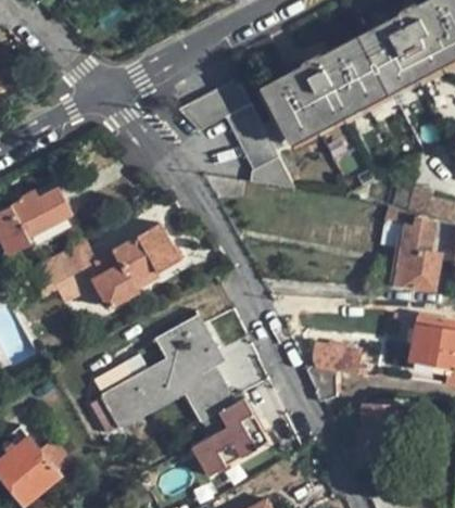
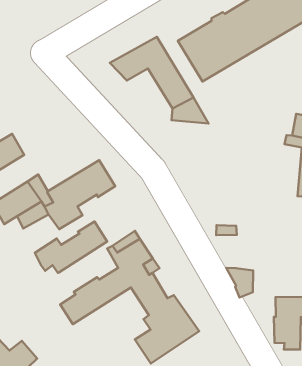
building: none -> [35,222,107,273]
building: [313,344,362,373] -> none

